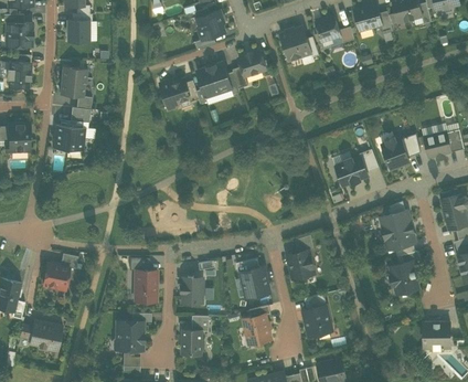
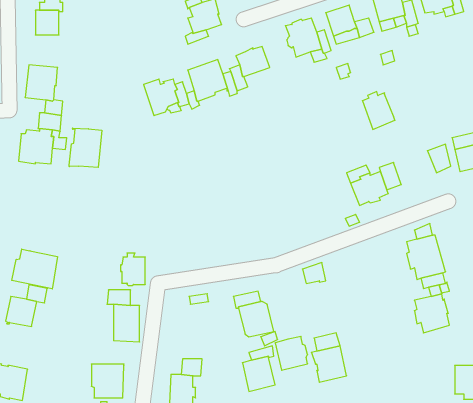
building: none -> [69,128,102,167]
building: [382,138,410,170] -> [362,92,395,129]
building: none -> [12,249,57,289]
building: [287,251,315,279] -> [275,336,308,370]
building: [182,277,203,305] -> [121,253,145,286]

